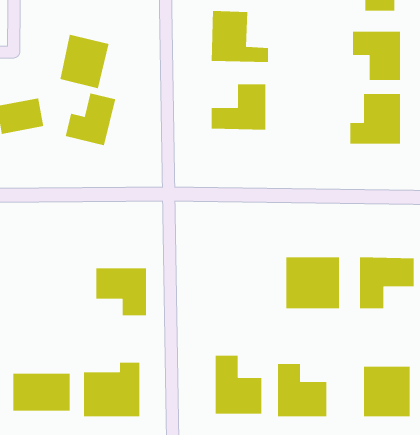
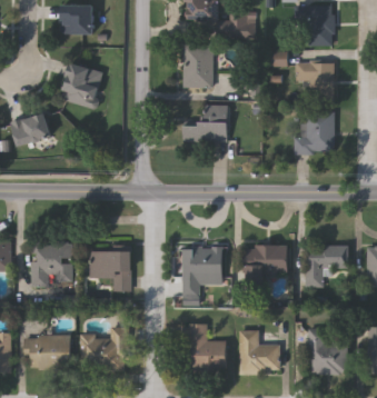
building: [65,93,116,146] -> none
building: none -> [32,241,72,285]
building: none -> [180,245,222,293]

